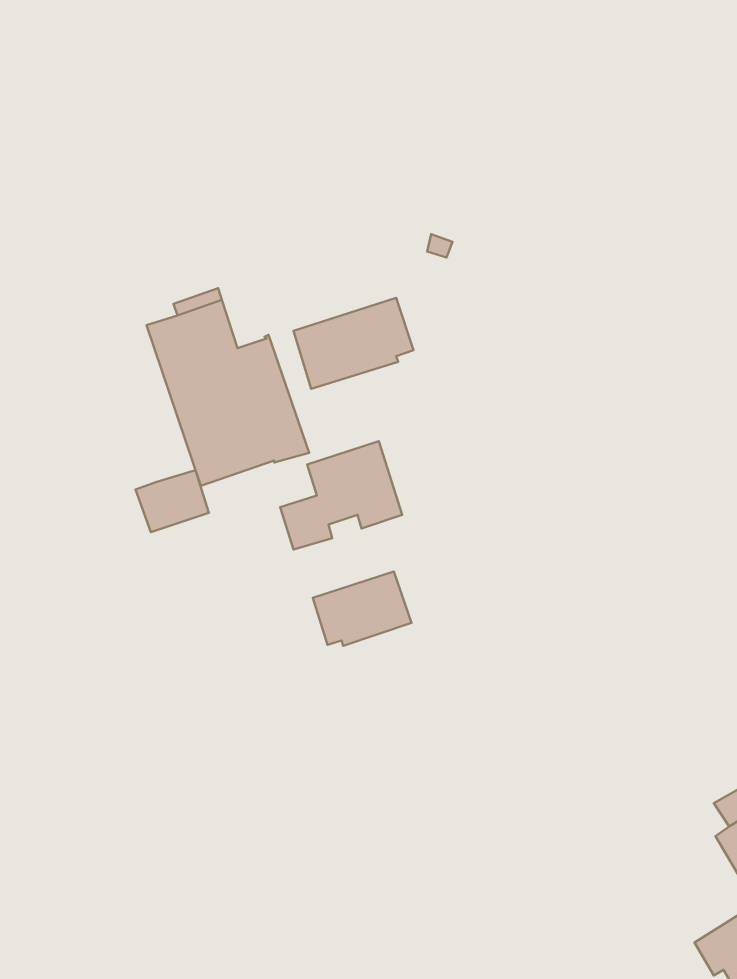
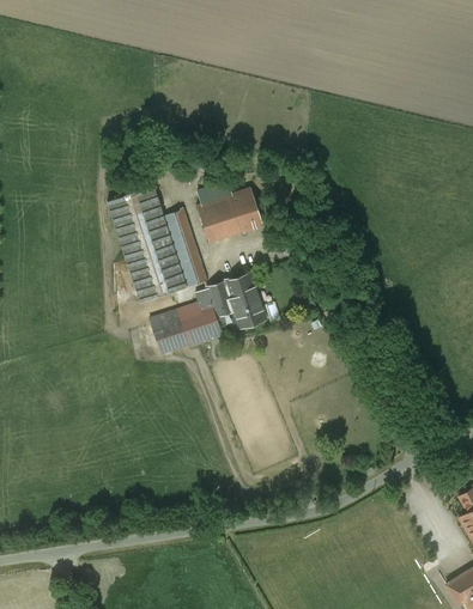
building: [135,470,209,532] -> [152,313,198,352]
building: [313,571,412,646] -> none

